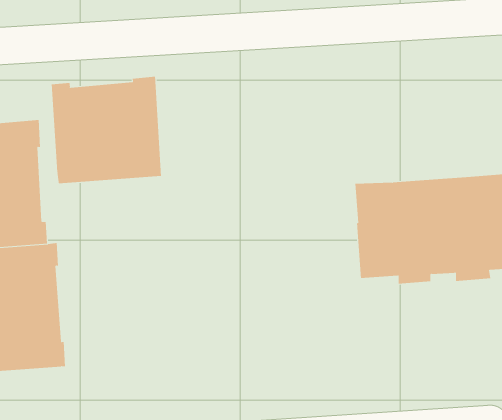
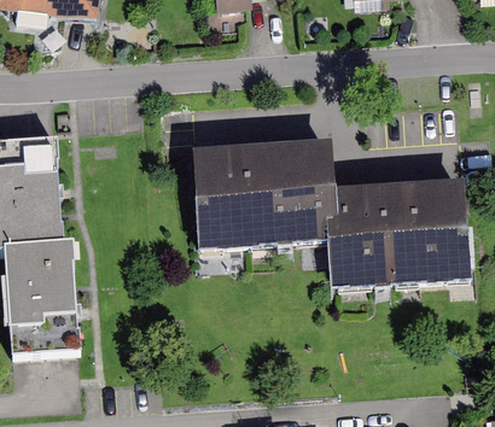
building: [51,76,162,184] -> none
building: none -> [198,147,334,244]

